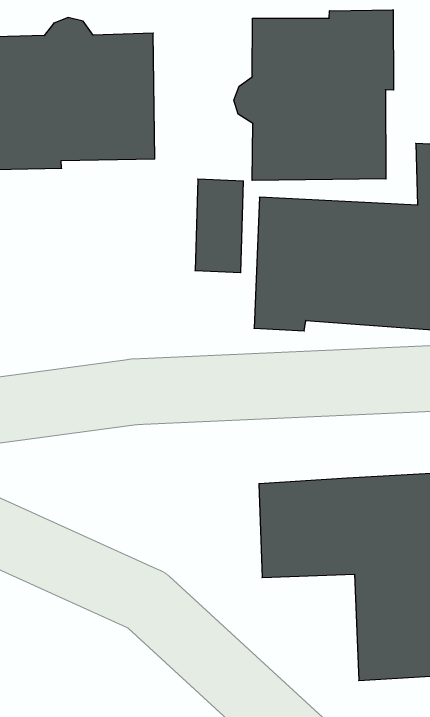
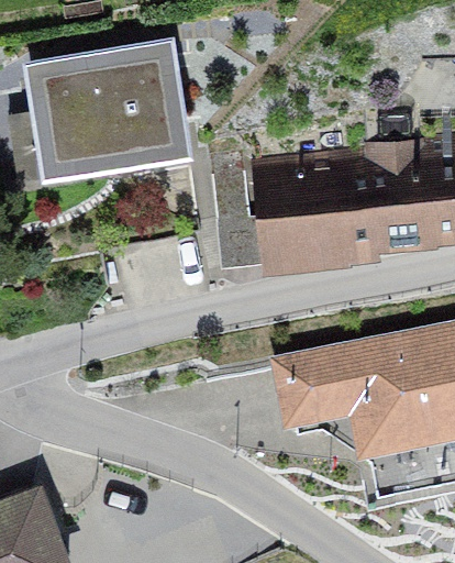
building: [234,10,394,180] -> none

